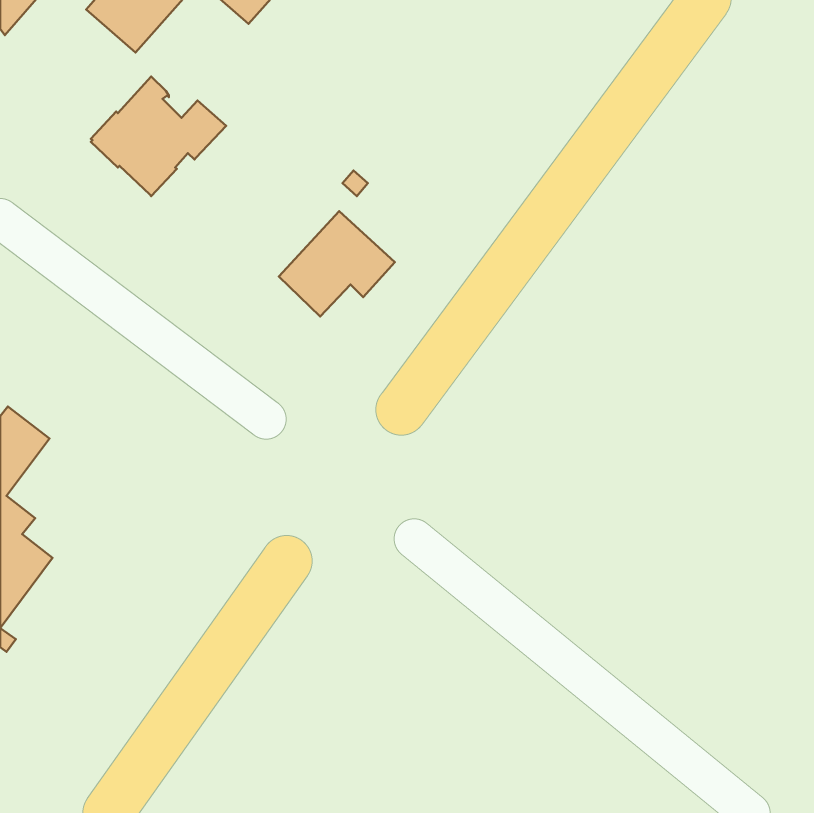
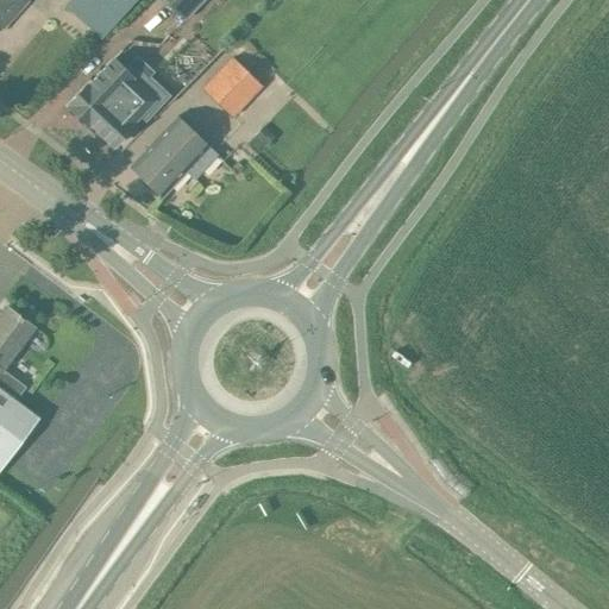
building: none -> [201,56,263,118]
building: [279,211,395,316] -> [132,115,219,194]

